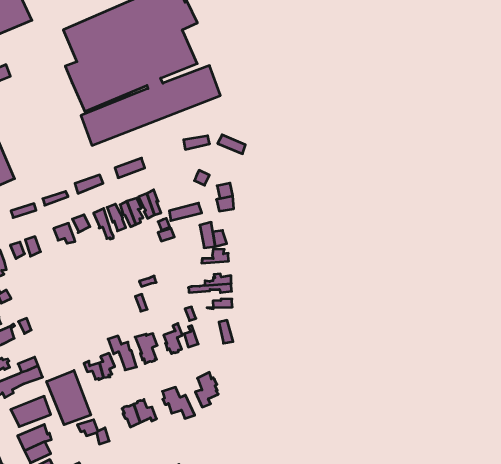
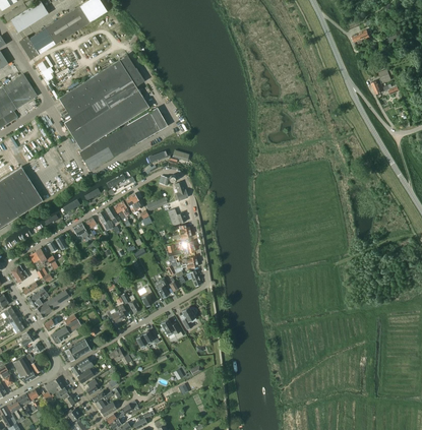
building: [47,370,91,425] -> none

